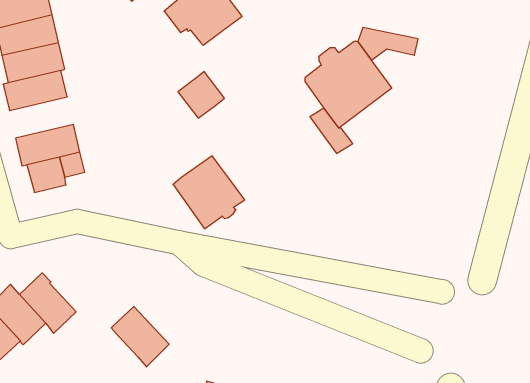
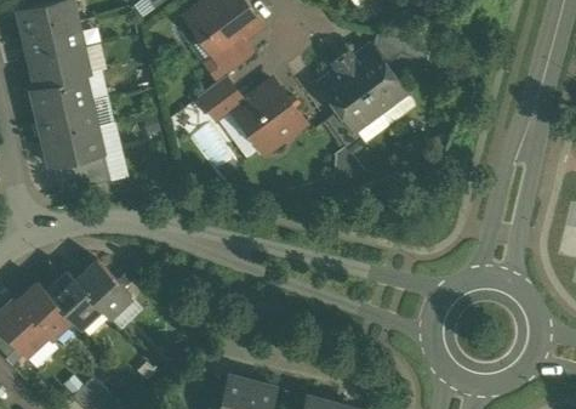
building: none -> [206,38,256,81]
building: none -> [38,101,99,141]
building: [173,156,245,229] -> [236,81,306,152]
building: [111,306,169,367] -> [76,260,132,318]

